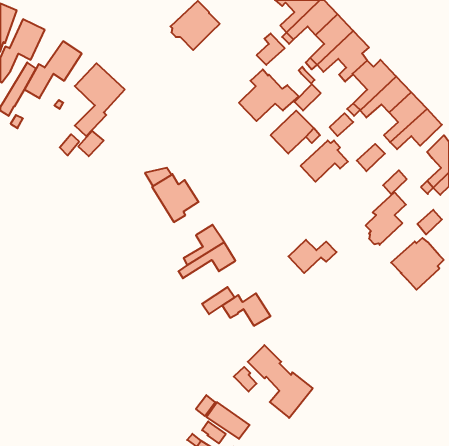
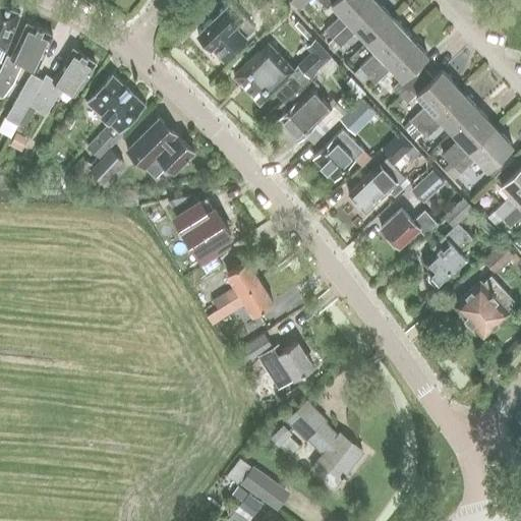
building: none -> [233,48,293,105]
building: none -> [127,120,194,179]
building: [288,240,337,273] -> [381,211,437,249]

